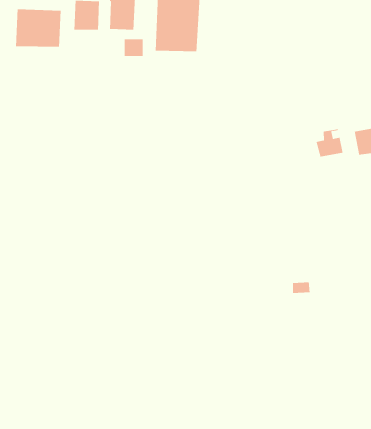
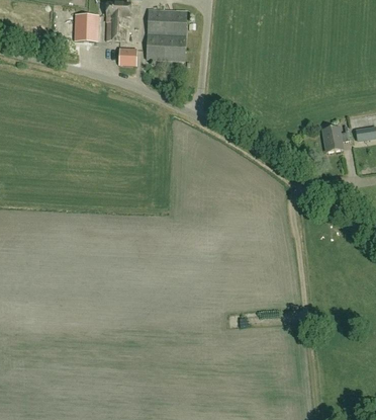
building: [15,9,62,47] -> none
building: [316,129,343,158] -> none

